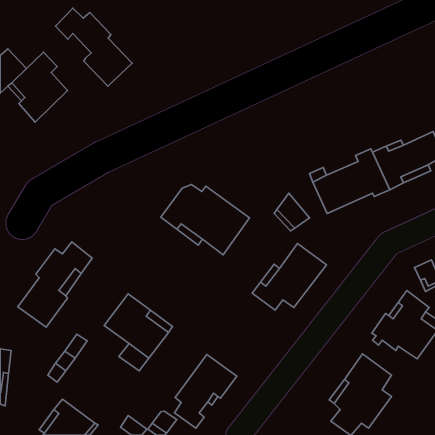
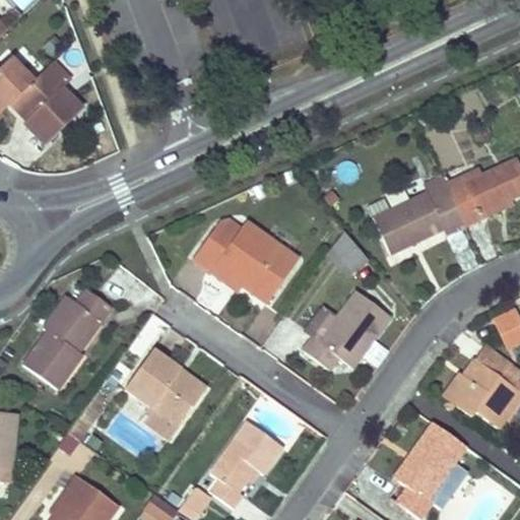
building: [55,8,132,86] -> none

